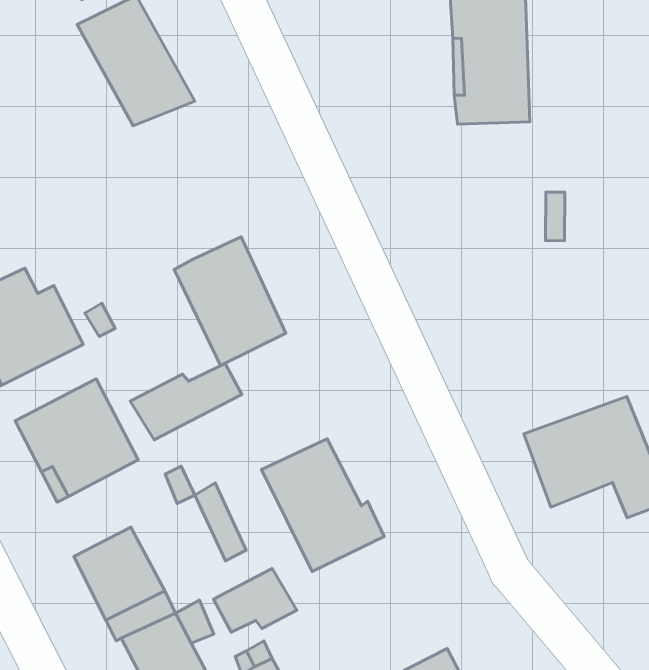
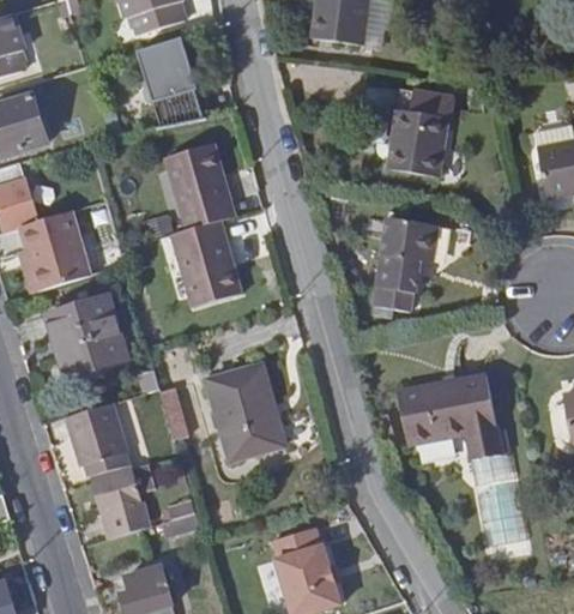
building: none -> [167,140,235,228]
building: none -> [373,215,435,309]
building: [130,363,242,440] -> none
building: [214,568,297,632] -> none

